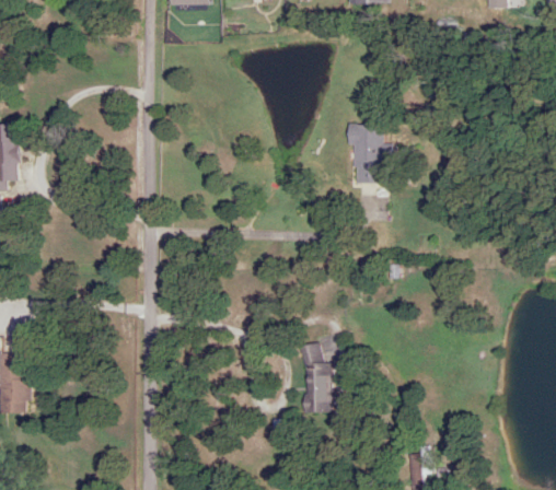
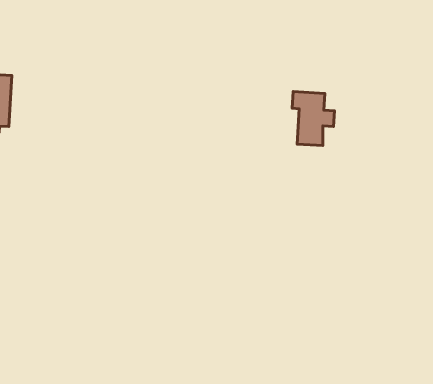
building: [299,340,328,409] -> none

